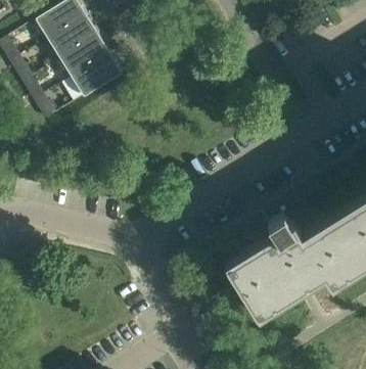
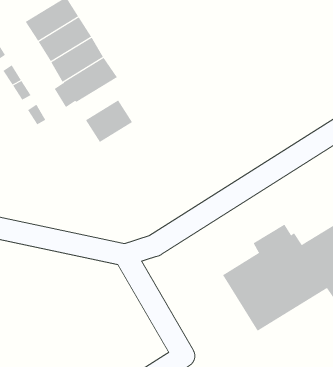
building: none -> [85,99,133,143]

